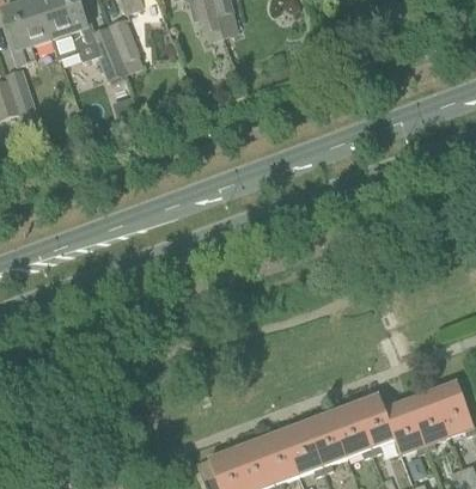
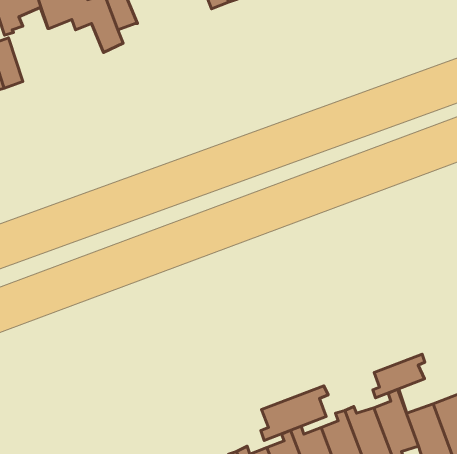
building: none -> [373,354,425,398]
building: none -> [261,386,328,440]

